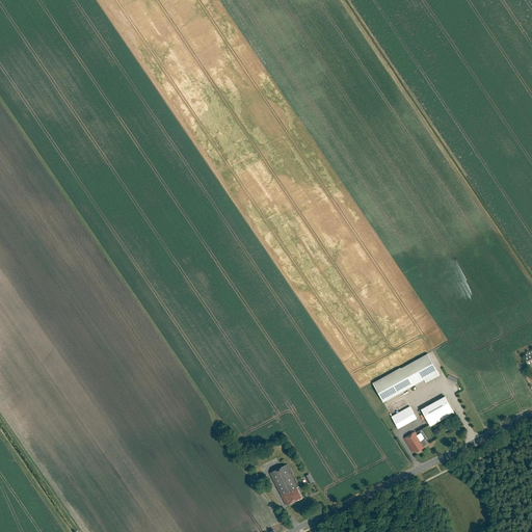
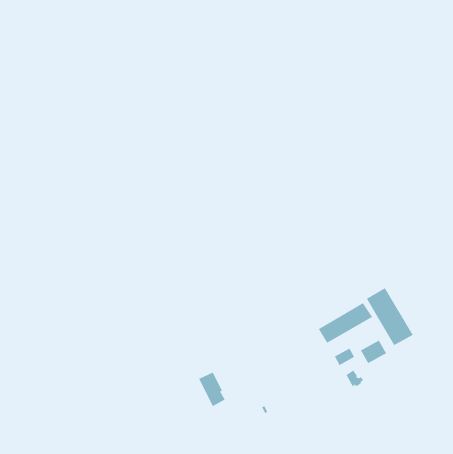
building: none -> [366,287,414,346]
building: [269,464,301,506] -> [198,372,226,407]

